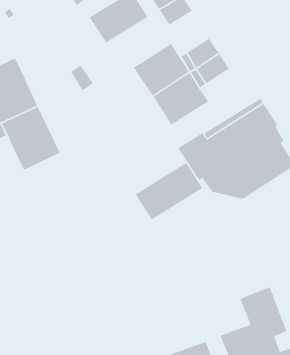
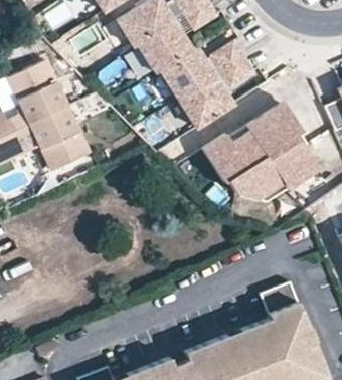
building: none -> [137,20,192,71]
building: [135,162,203,221] -> none

